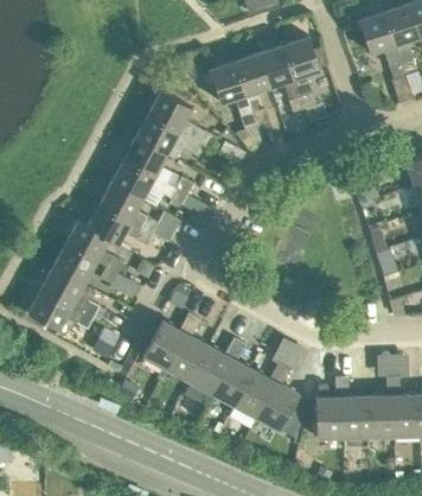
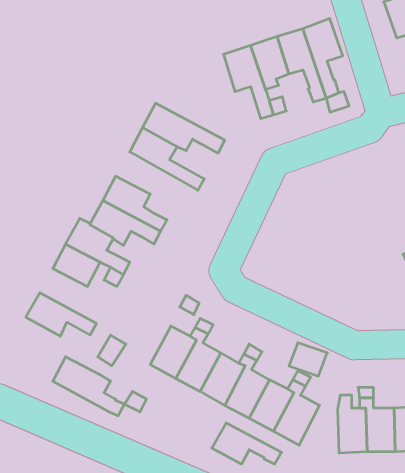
building: [148,91,218,150] -> none
building: [111,160,187,205] -> none
building: [41,268,108,323] -> [53,357,125,416]
building: none -> [212,423,282,464]

